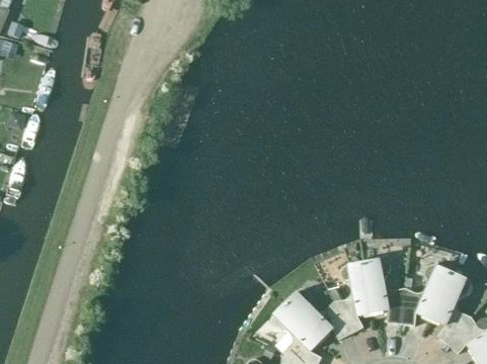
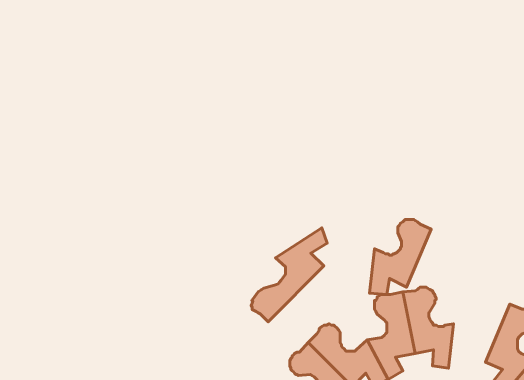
building: none -> [251,228,327,322]
building: [401,264,452,326] -> [370,219,431,294]

